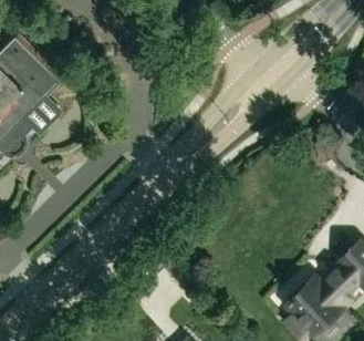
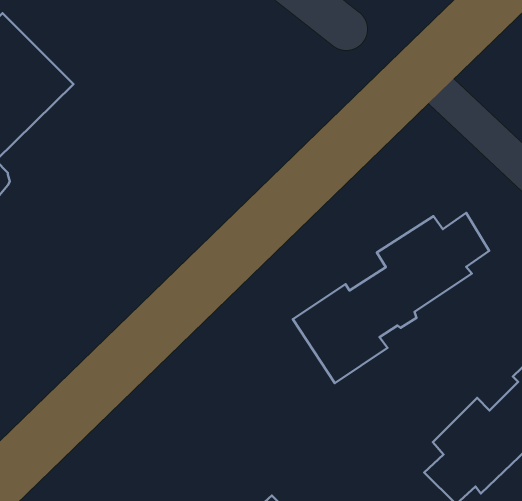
building: none -> [293,213,489,383]

